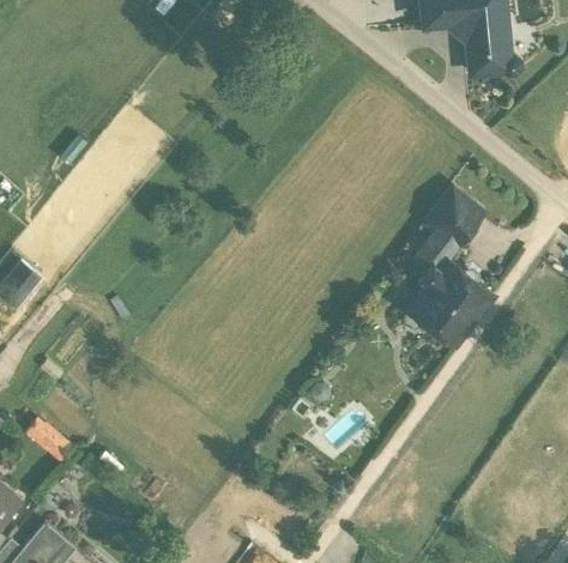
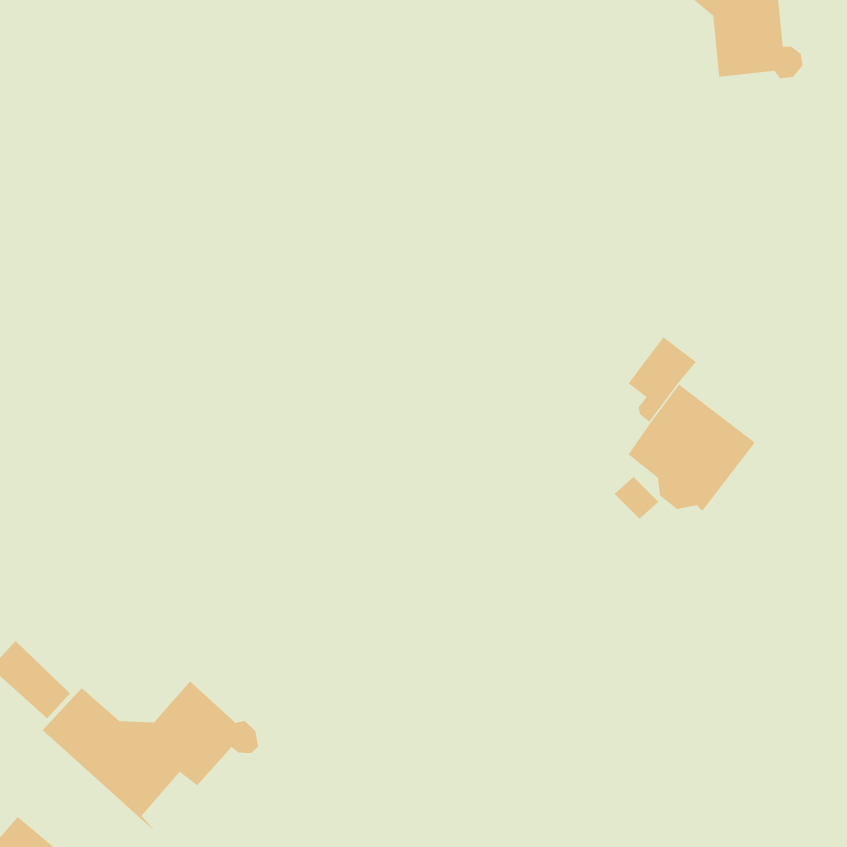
building: [424,188,482,247] -> none
building: none -> [42,680,259,831]

